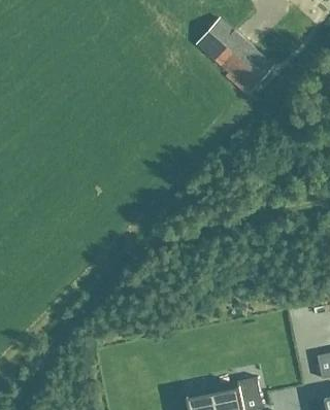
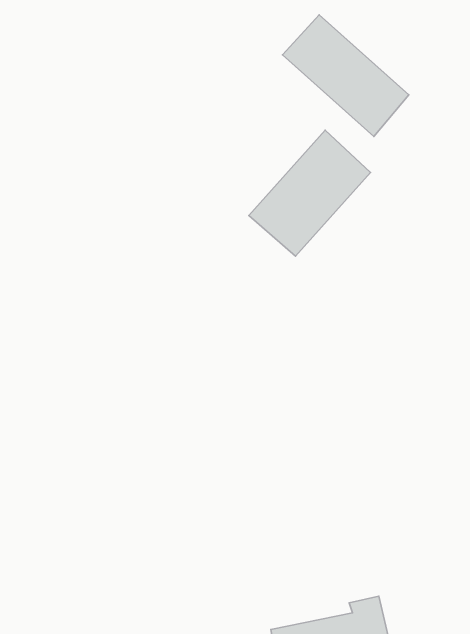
building: none -> [249,130,371,256]

